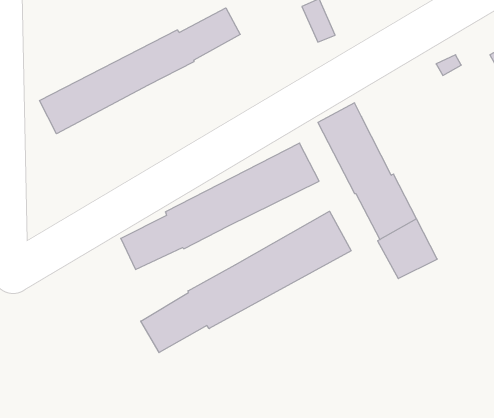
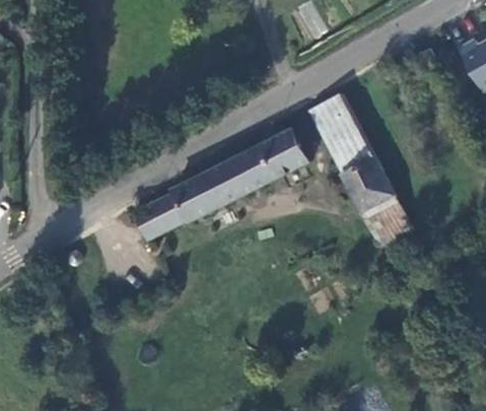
building: [40,8,240,134] -> none
building: [141,211,351,353] -> none

